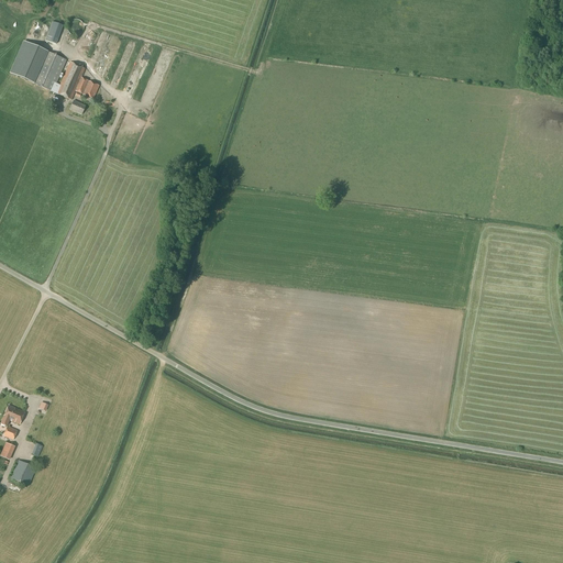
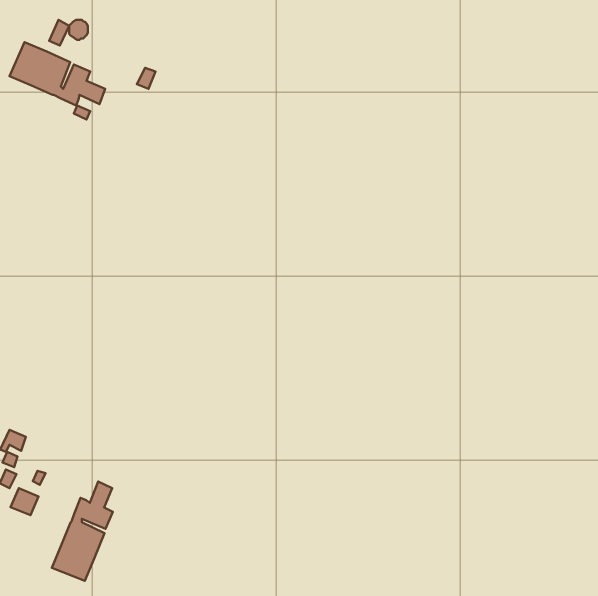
building: none -> [52,481,113,581]

